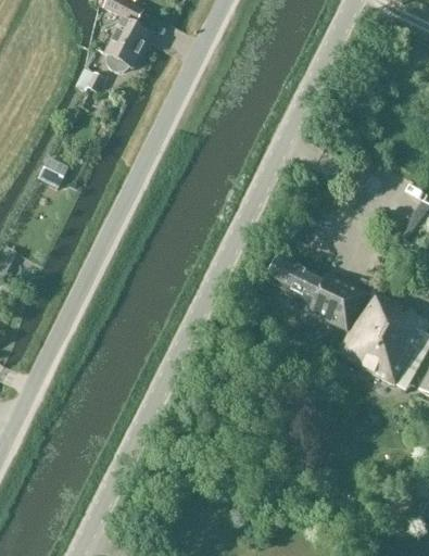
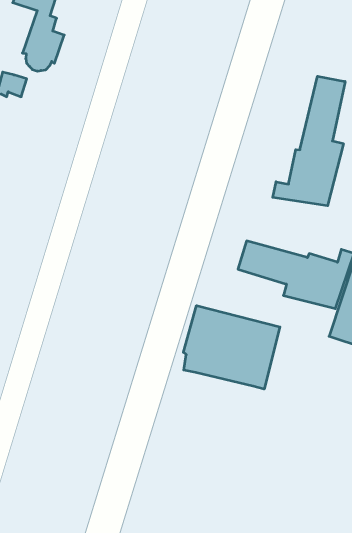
building: none -> [273,76,345,206]
building: none -> [183,306,280,389]

